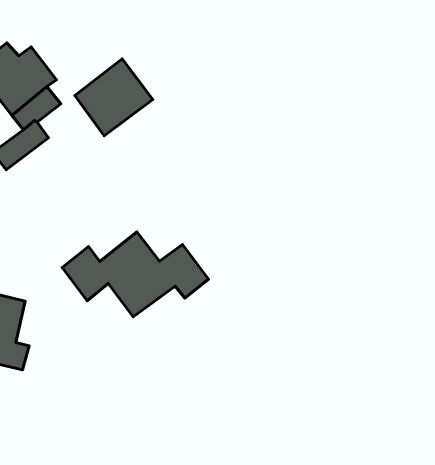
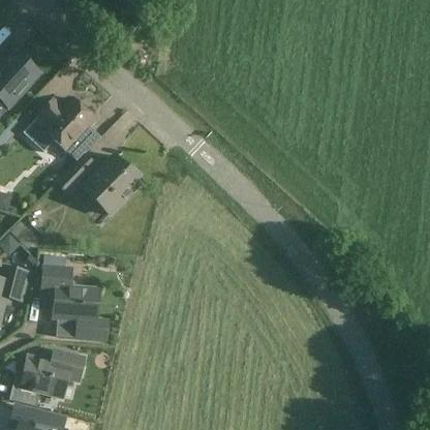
building: [75,59,153,136] -> [81,153,140,213]
building: [62,232,208,317] -> none

